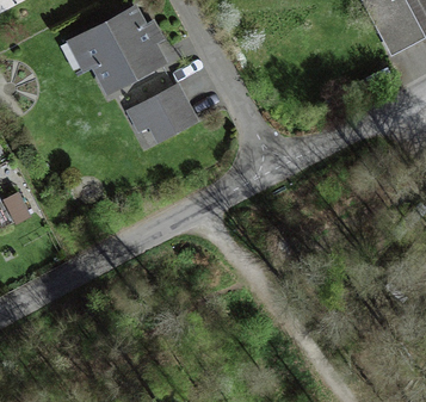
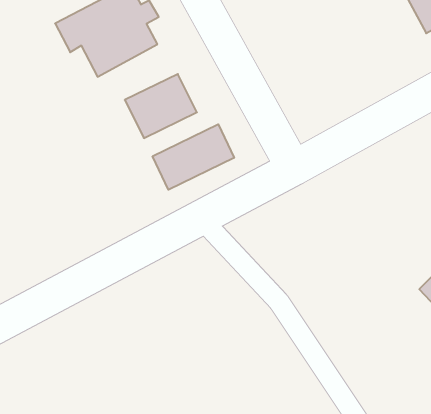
building: none -> [153,124,234,190]

